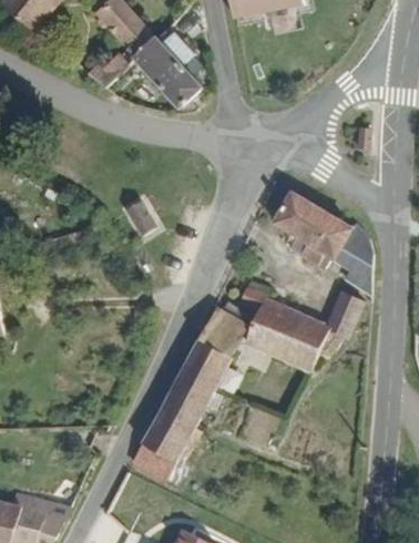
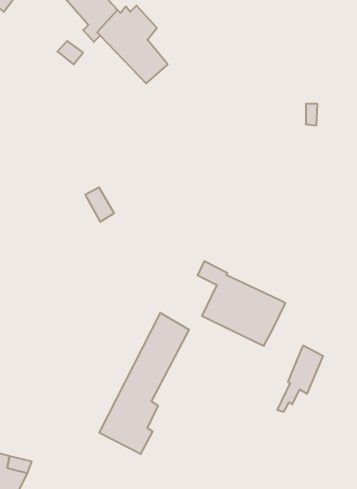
building: [270,195,369,290] -> none
building: [316,290,364,359] -> [277,346,323,412]
building: [200,311,244,357] -> none

